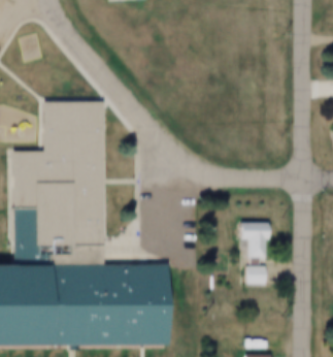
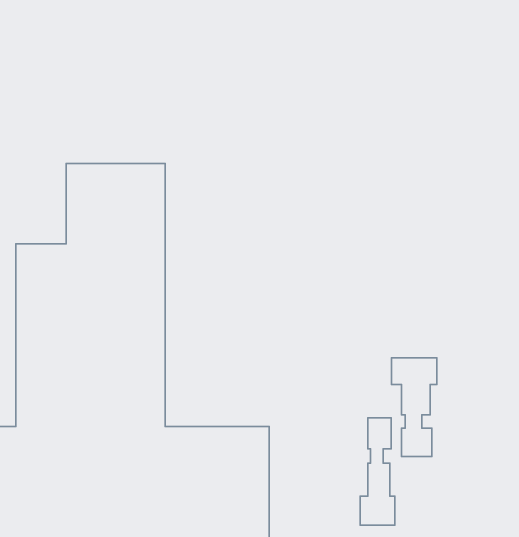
building: none -> [360,418,395,525]

